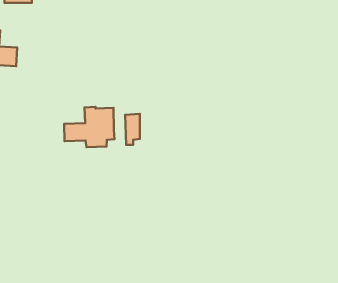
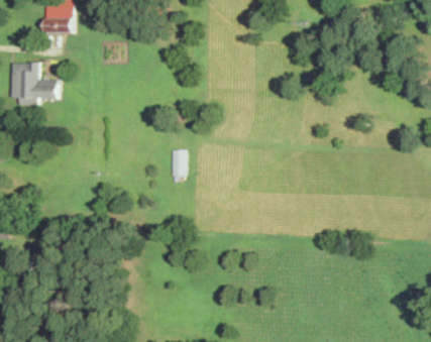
building: [64,107,114,147] -> none

